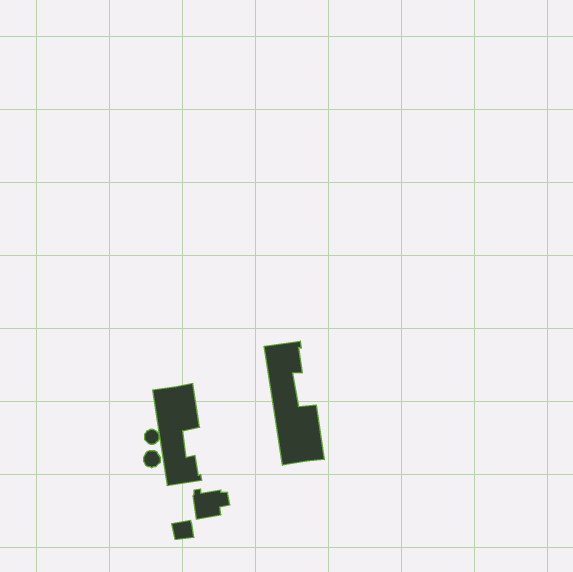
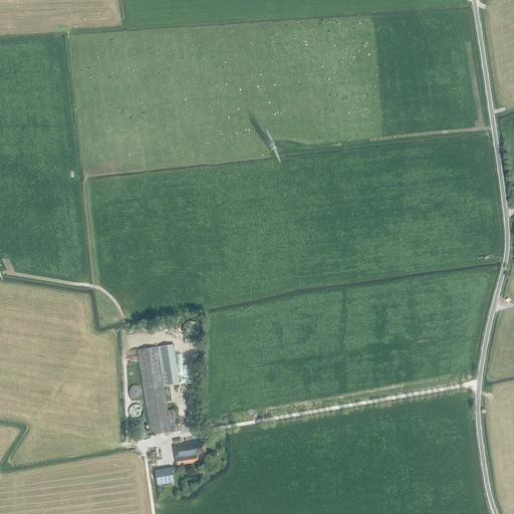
building: [264,341,324,465] -> none

